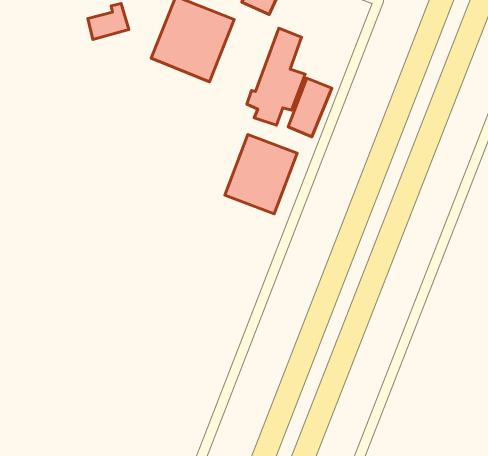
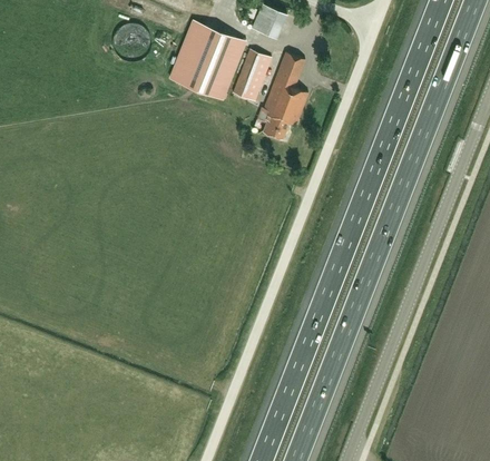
building: [288,78,332,137] -> [233,49,272,101]
building: [225,134,297,214] -> none

